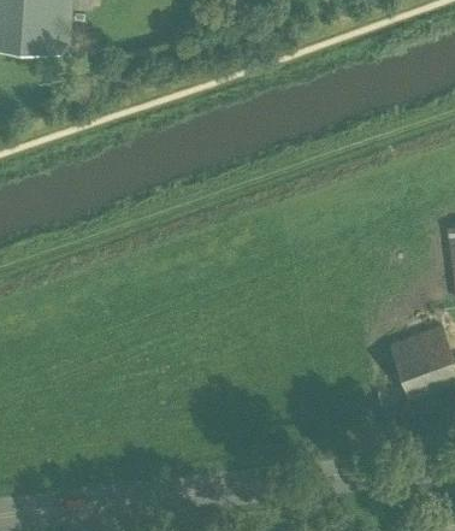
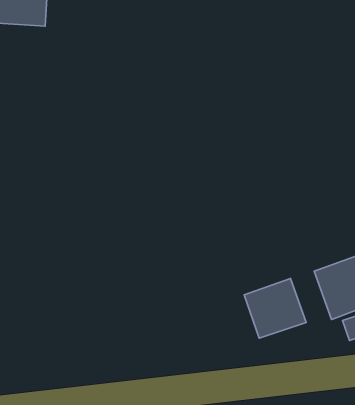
building: none -> [244,278,306,338]

